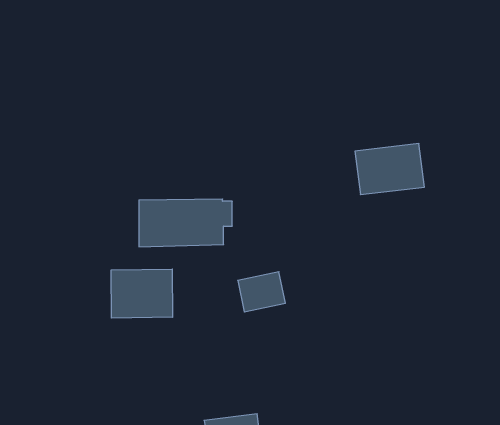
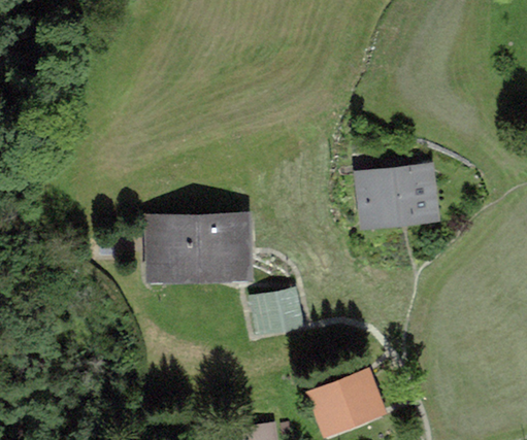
building: [111,269,173,318] -> none
building: none -> [317,378,372,429]

